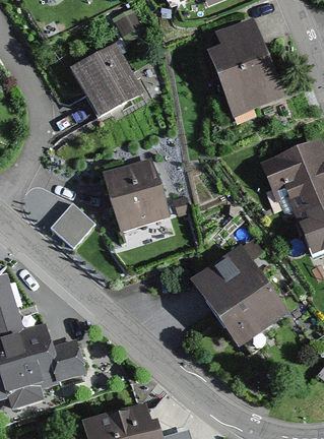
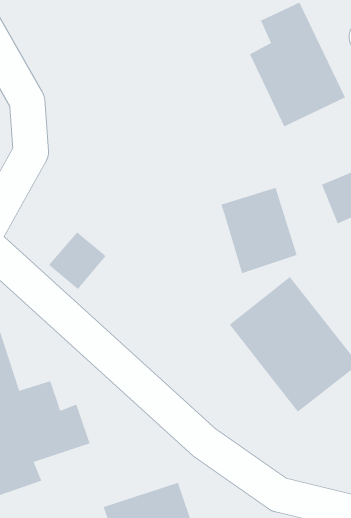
building: [72,48,140,118] -> none
building: [102,159,165,230] -> [220,187,297,274]

